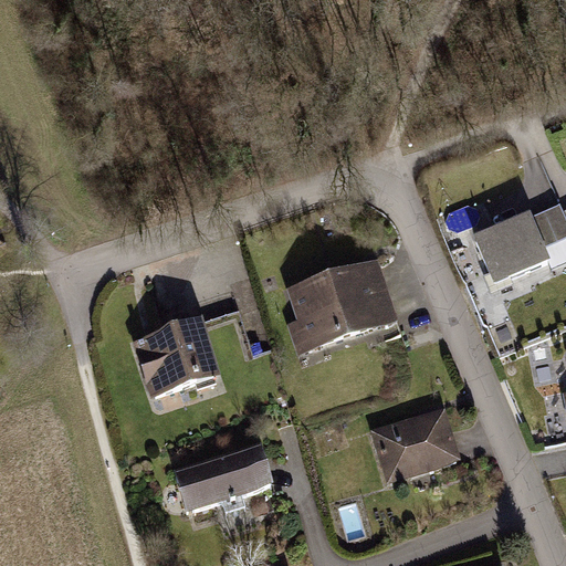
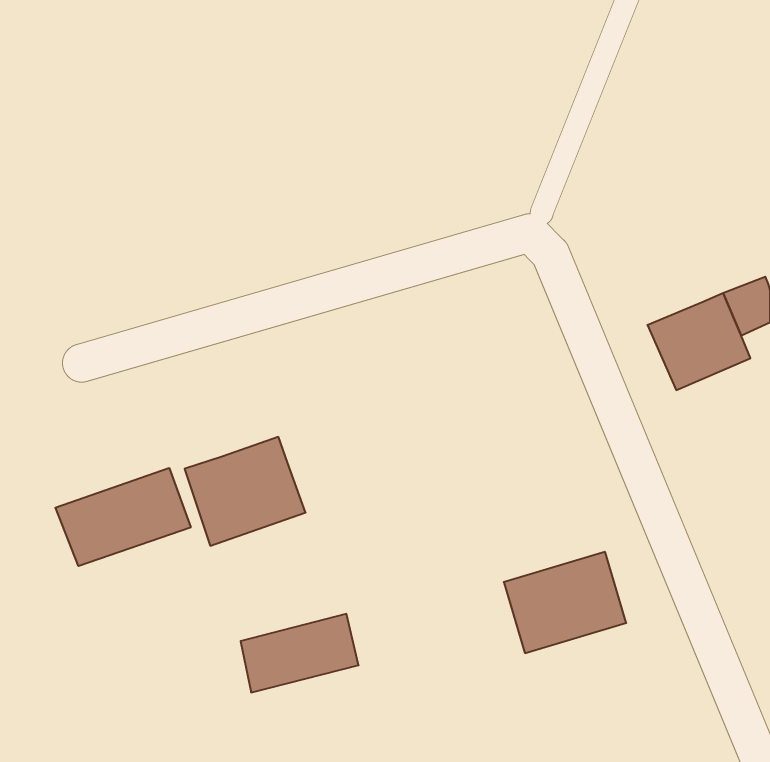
building: [287,262,394,352] -> none
building: none -> [55,468,191,566]

